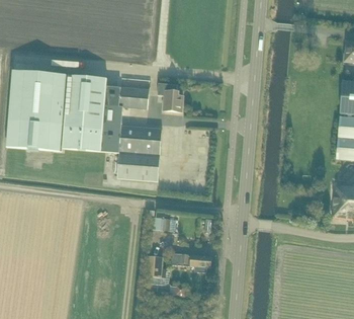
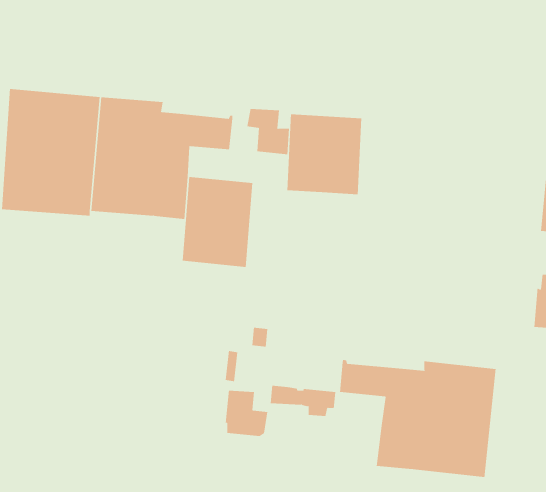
building: none -> [287,113,362,195]
building: none -> [340,359,496,478]

